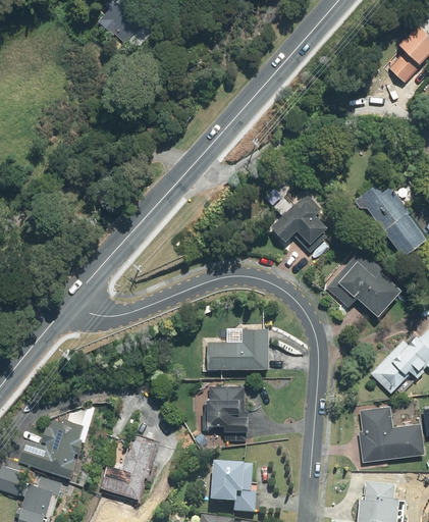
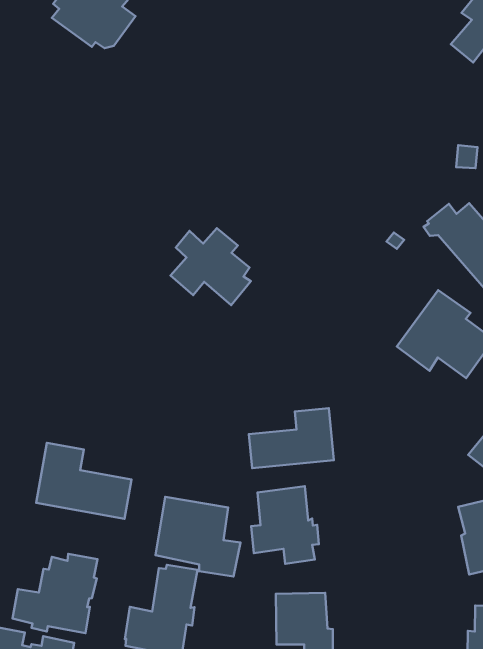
building: [268,194,327,252] -> [171,228,251,305]
building: none -> [36,443,132,519]
building: none -> [155,497,240,576]

